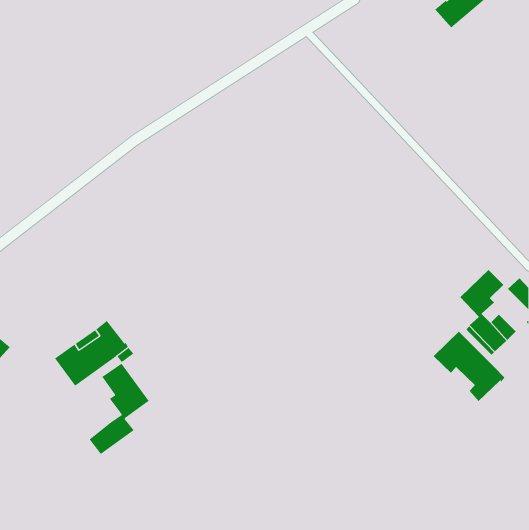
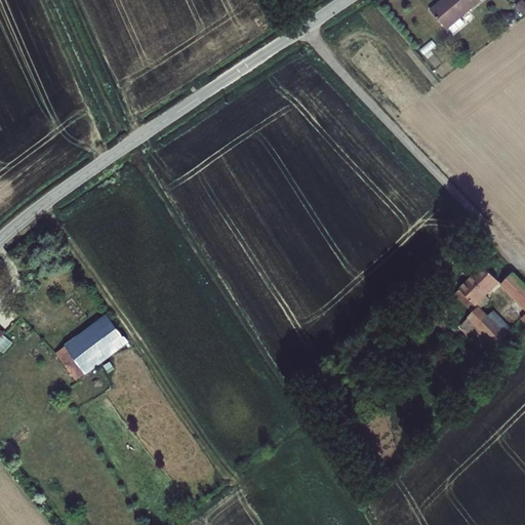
building: [433,331,505,402] -> none
building: [89,363,149,455] -> none

